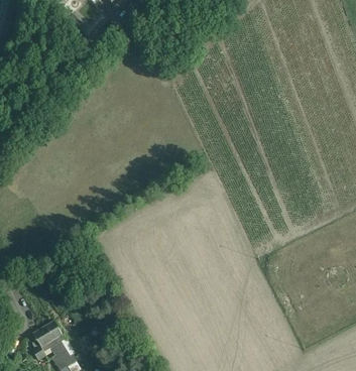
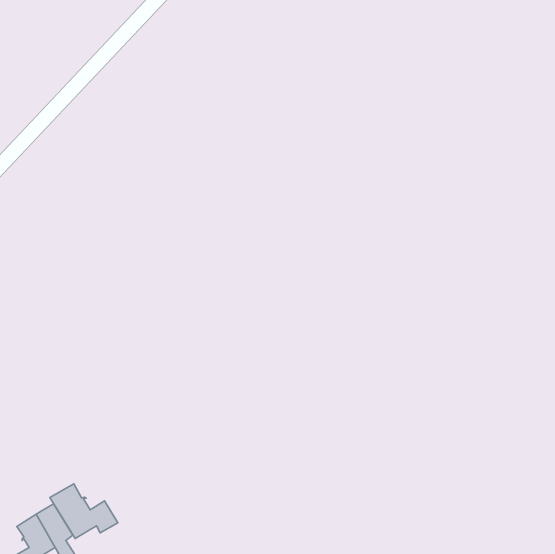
building: none -> [50,484,118,539]

